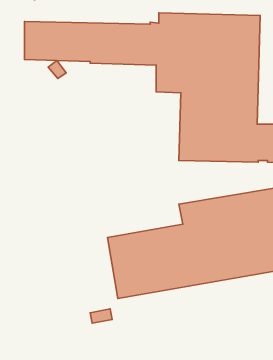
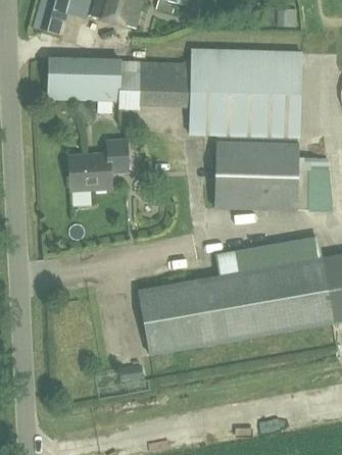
building: none -> [69,139,129,189]

